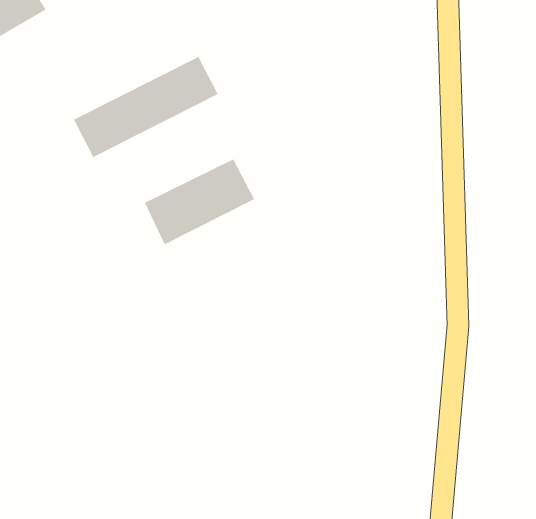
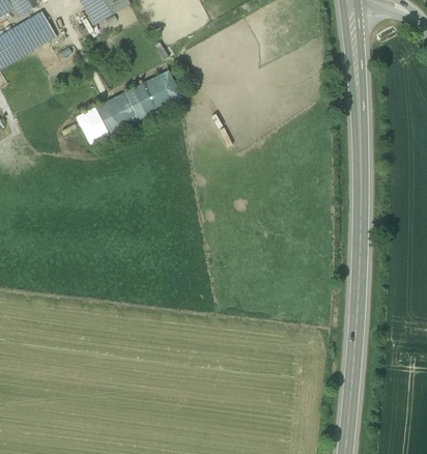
building: [144,158,255,245] -> none

